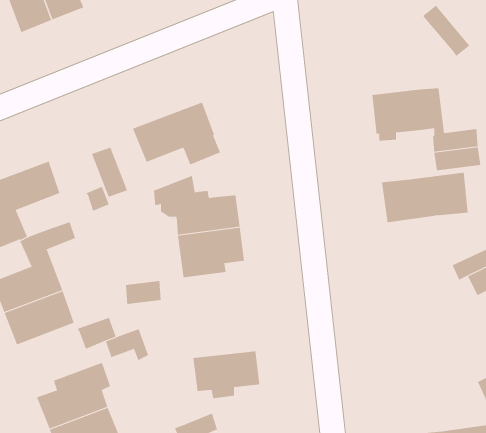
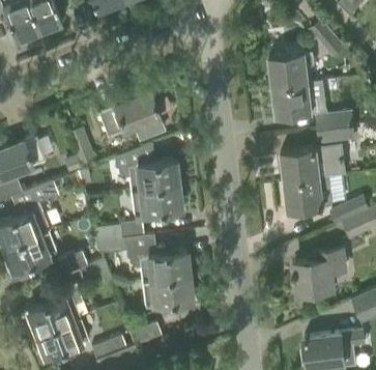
building: none -> [270,48,316,89]
building: none -> [286,178,334,216]
building: none -> [125,236,190,283]
building: none -> [294,251,347,294]

